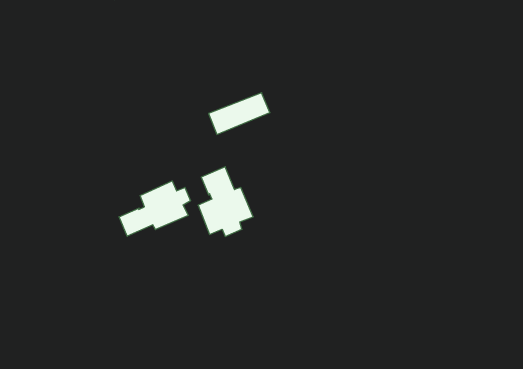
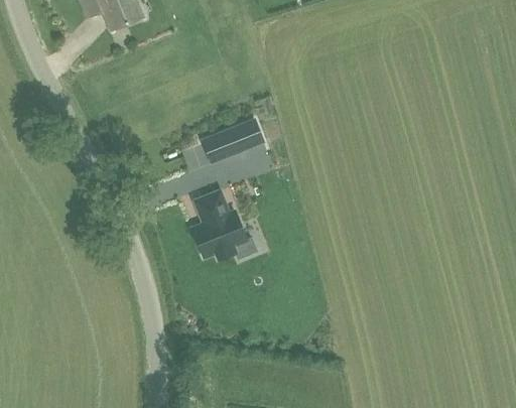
building: [119,181,190,236] -> none

